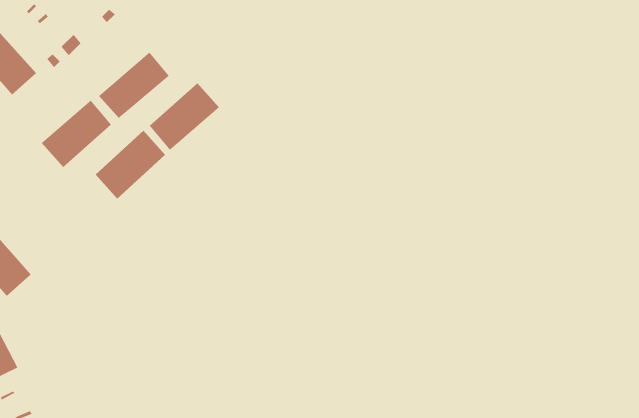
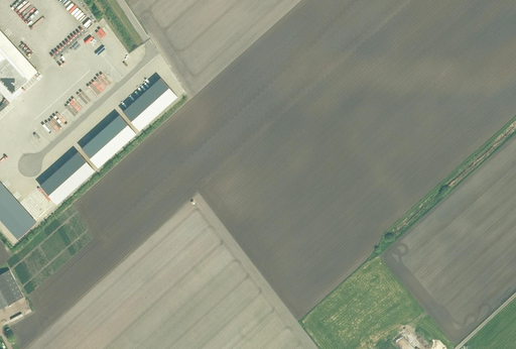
building: [98,51,170,119] -> none
building: [41,100,112,168] -> [38,152,93,205]

